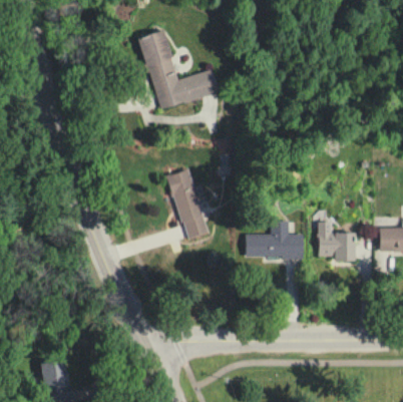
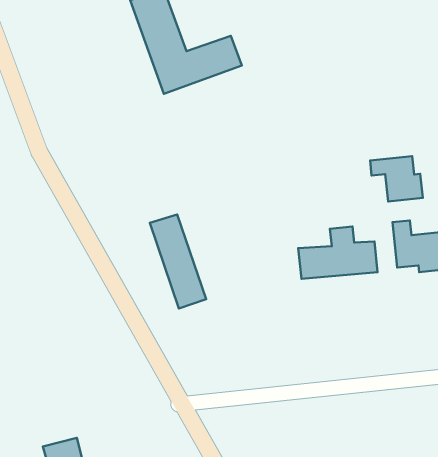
building: [169,169,206,240] -> [150,215,206,309]
building: none -> [370,156,423,201]

